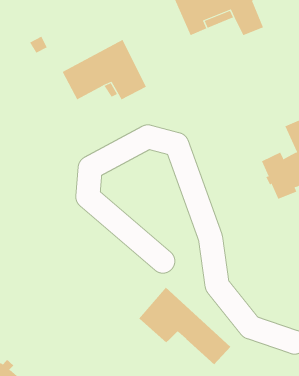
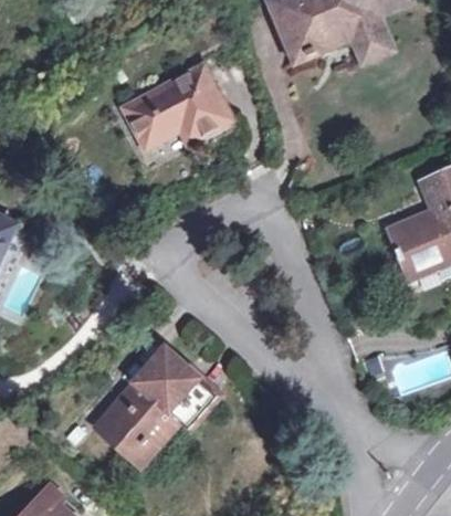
building: none -> [95,347,223,466]
building: [139,287,231,365] -> none

